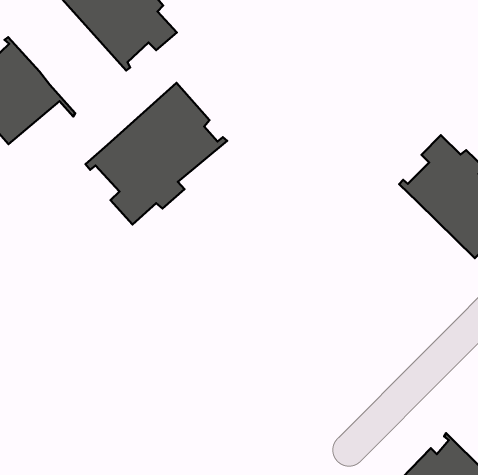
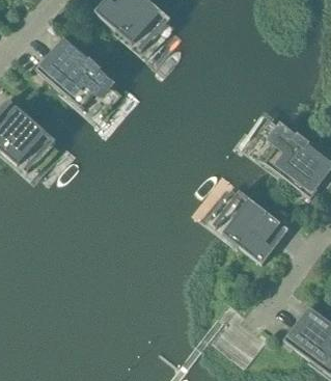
building: [86,83,227,224] -> none
building: none -> [223,197,289,263]

